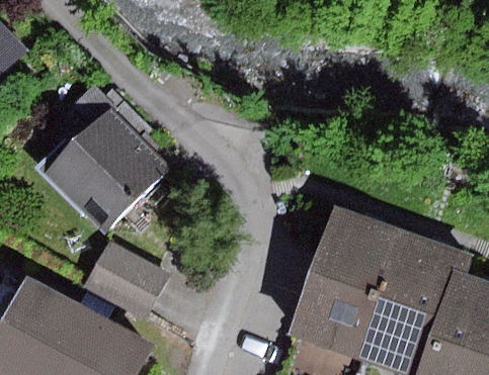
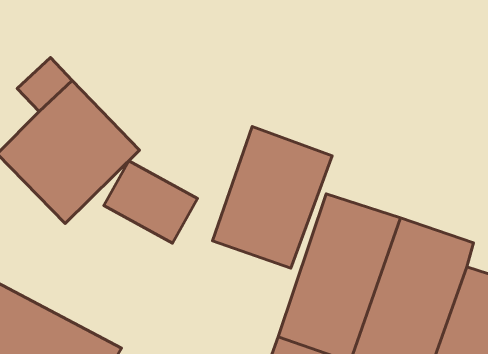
building: none -> [212,126,332,268]
building: [87,242,170,314] -> [104,161,198,243]

